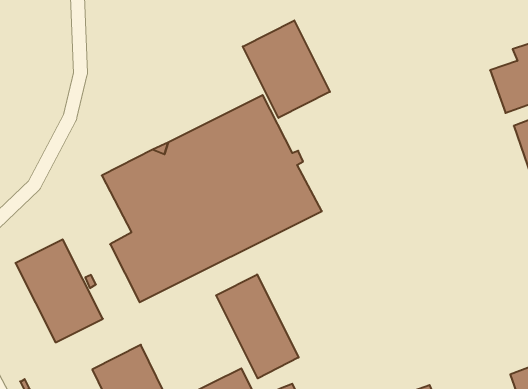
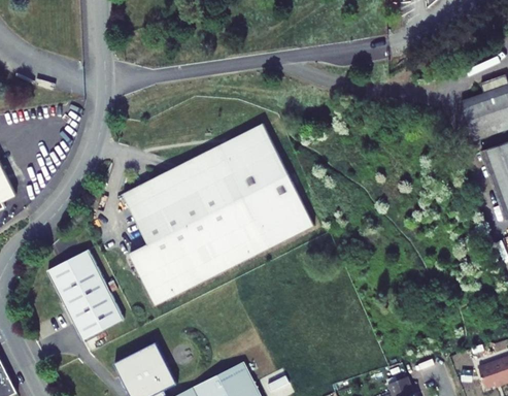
building: [243,20,330,118] -> none
building: [216,274,299,378] -> none

